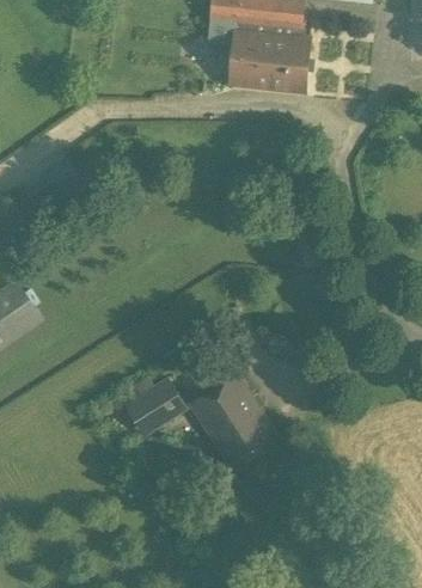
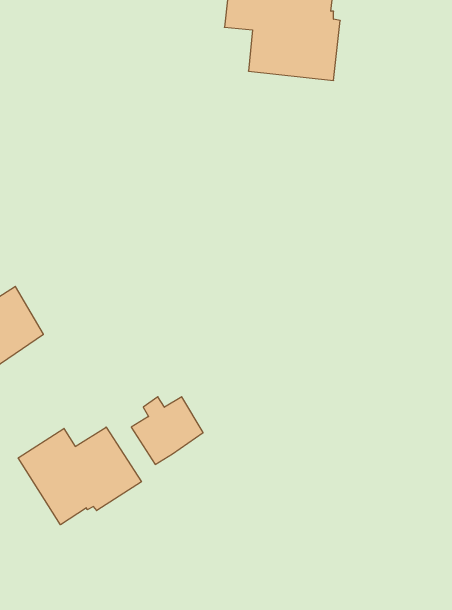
building: [189,373,276,465] -> none
building: none -> [18,427,141,525]

